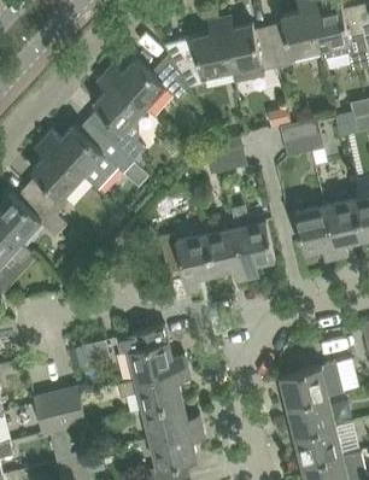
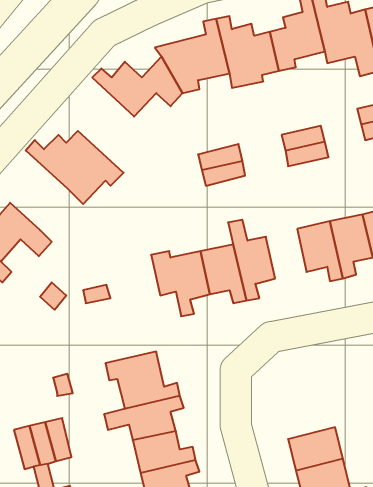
building: [92,74,143,162] -> none
building: [29,141,82,215] -> none
building: [279,363,341,408] -> none

